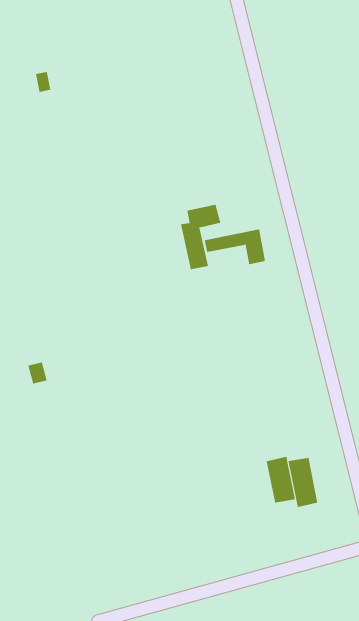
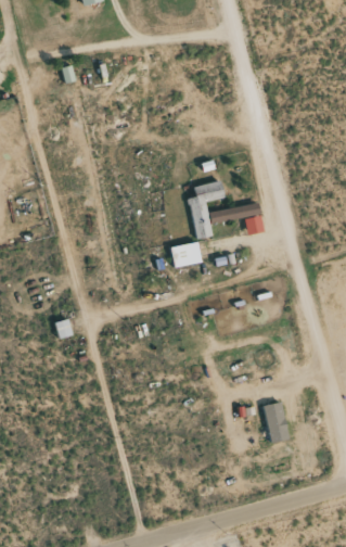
building: none -> [169,242,201,268]
building: [288,457,318,508] -> none

